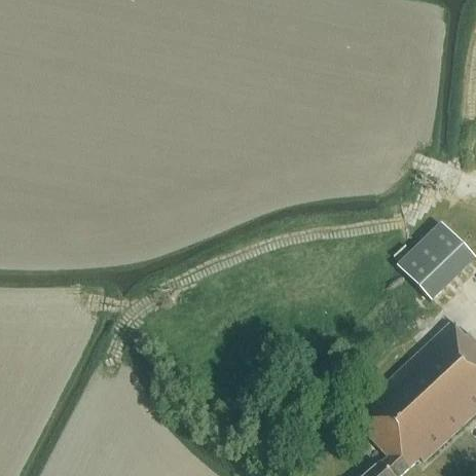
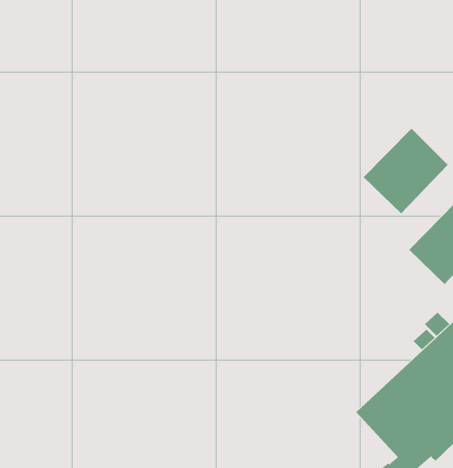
building: none -> [363,128,448,214]

